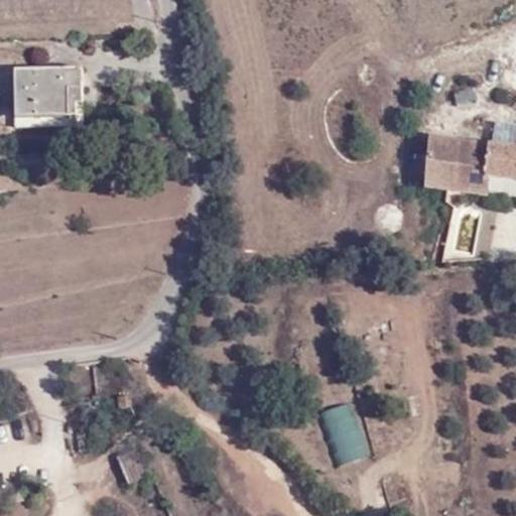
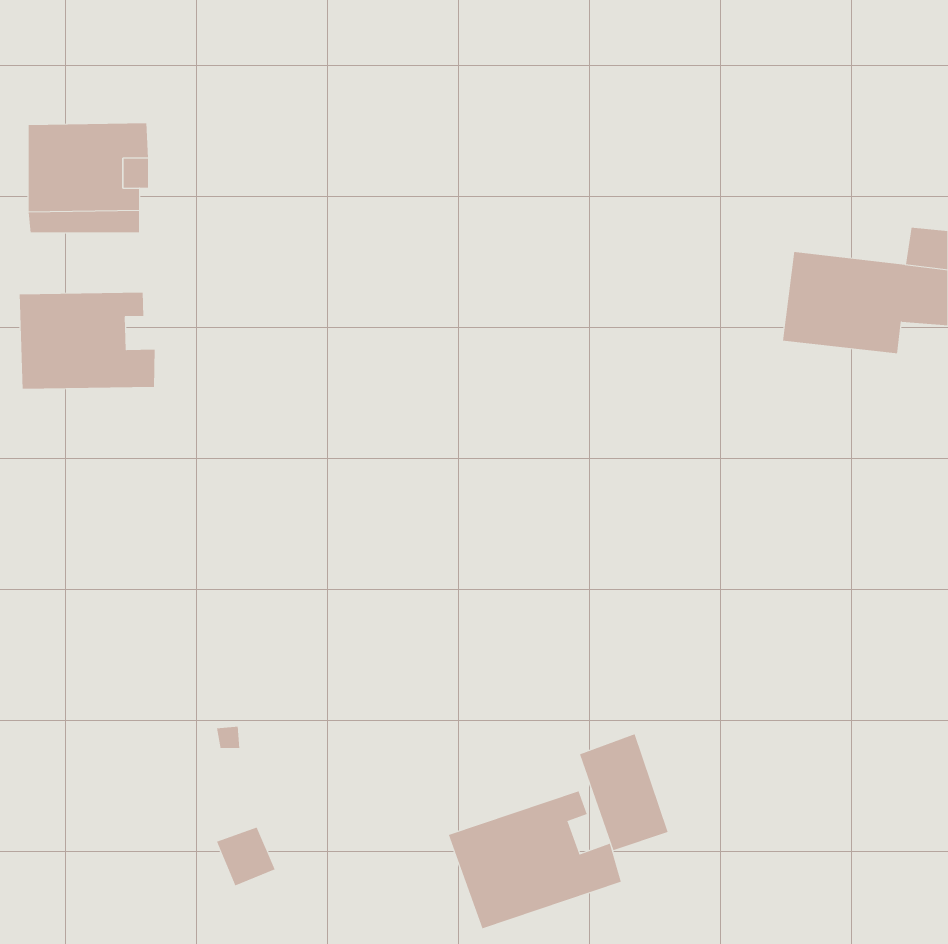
building: none -> [19,292,155,390]
building: none -> [448,790,622,929]

